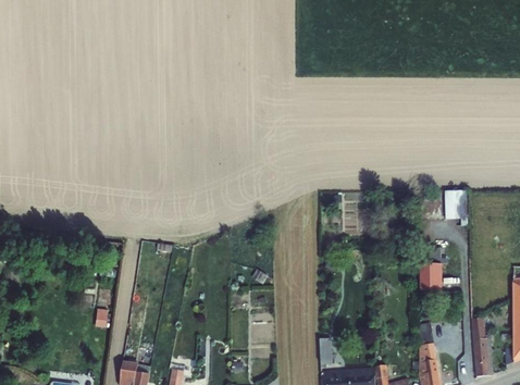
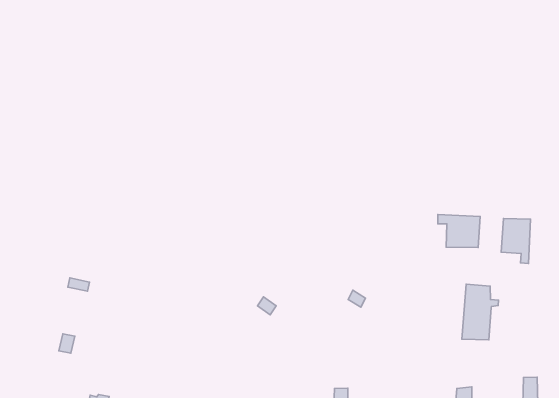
building: none -> [438,215,480,248]

